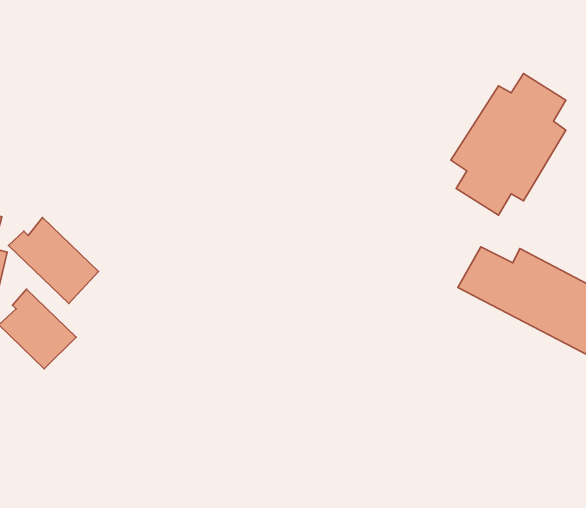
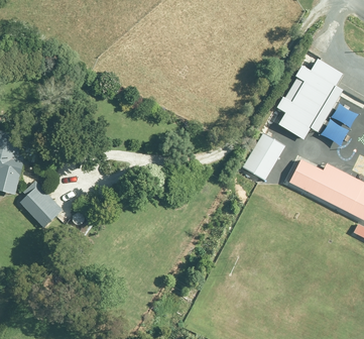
building: none -> [242,134,284,180]
building: [9,217,98,304] -> none

